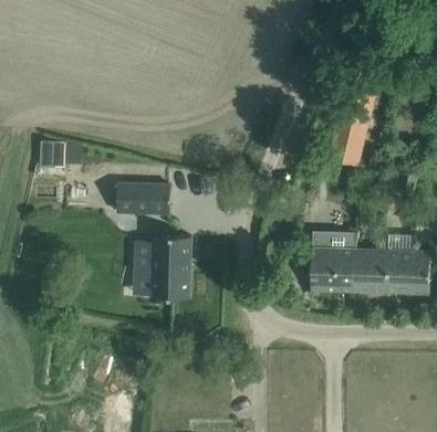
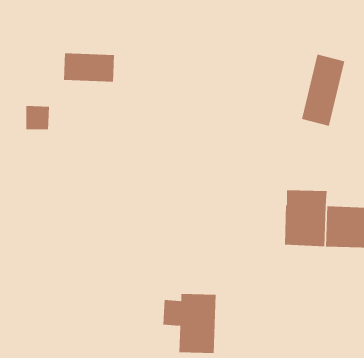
building: [116,183,170,214] -> [63,53,115,82]
building: [135,235,191,298] -> [163,293,216,353]

